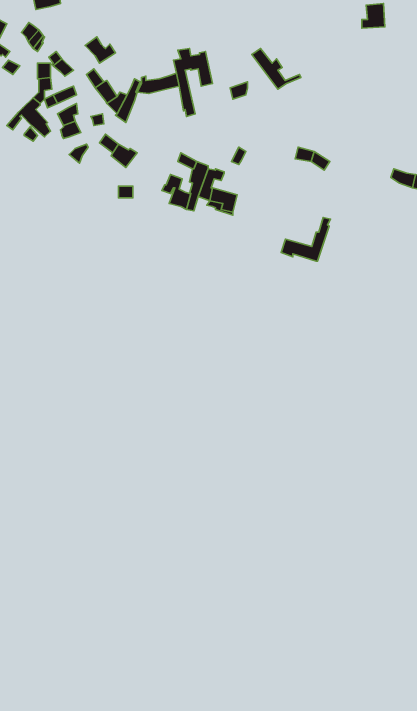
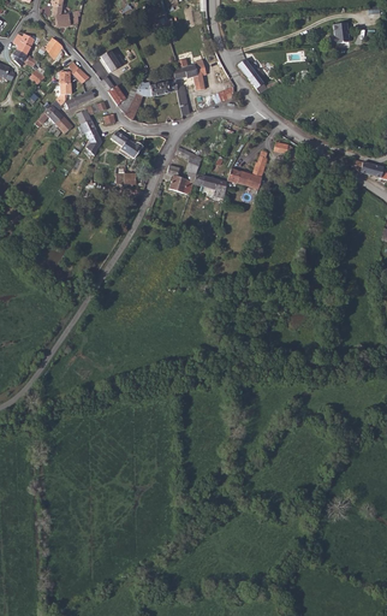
building: [281,218,331,261] -> [227,150,268,186]

